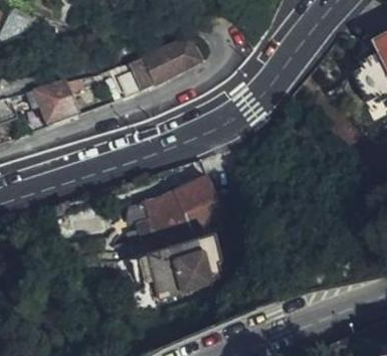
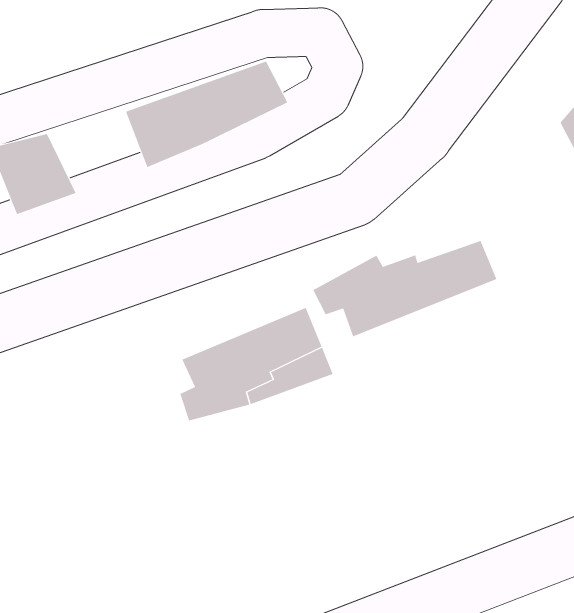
building: none -> [313,240,497,337]
building: [148,235,225,299] -> none

